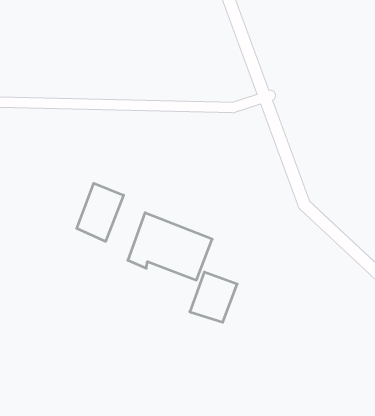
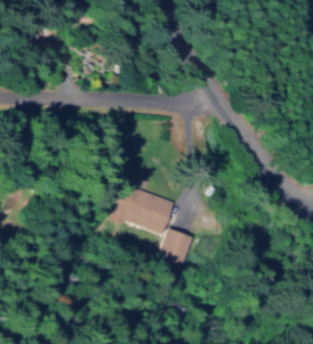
building: [77,183,124,241] -> none

